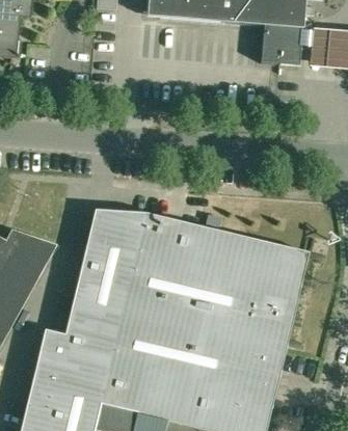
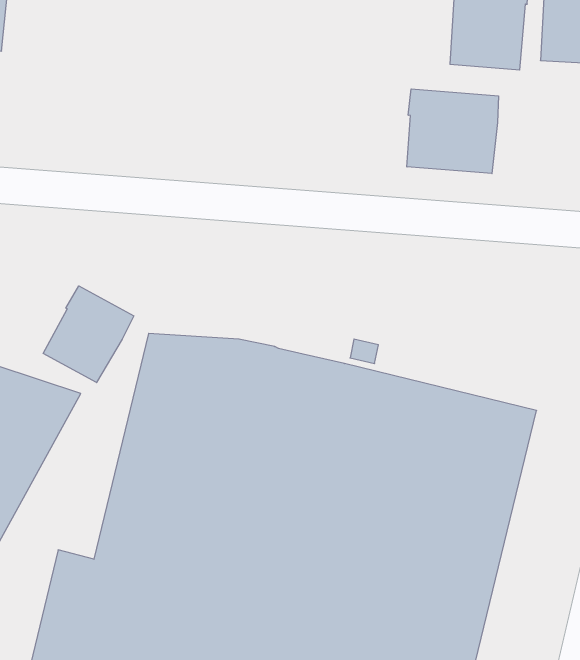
building: none -> [407,89,498,174]
building: none -> [43,286,134,383]

